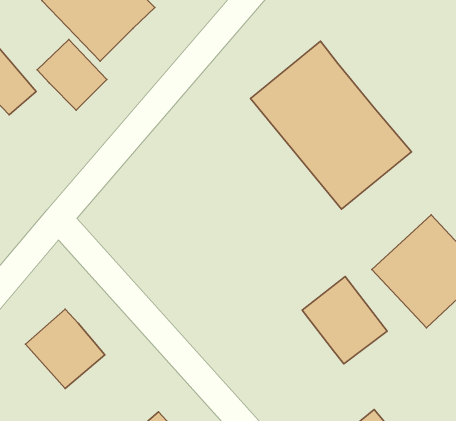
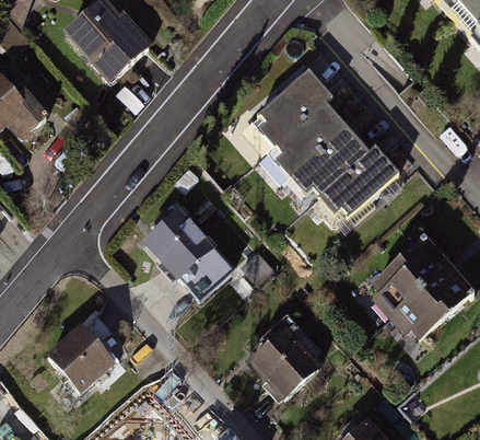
building: [37,39,107,110] -> none
building: none -> [144,209,236,309]
building: [302,276,387,364] -> [247,326,327,408]

